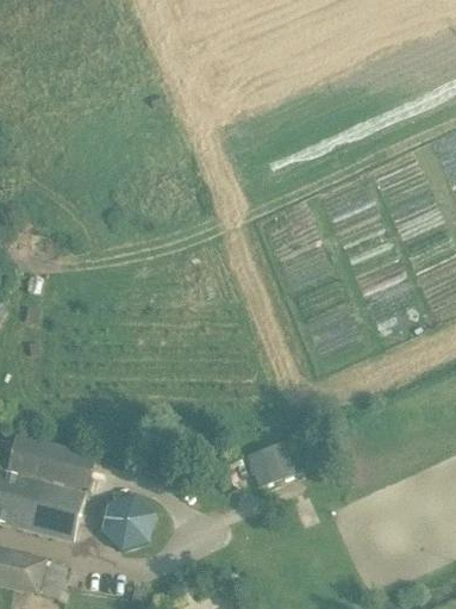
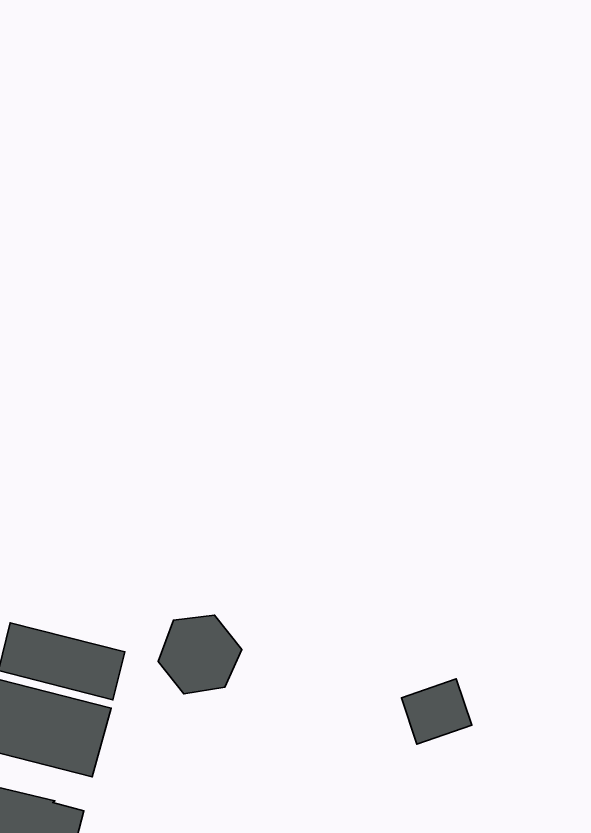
building: [246,441,295,486] -> [402,679,472,744]
building: [93,495,151,549] -> [158,615,242,694]

